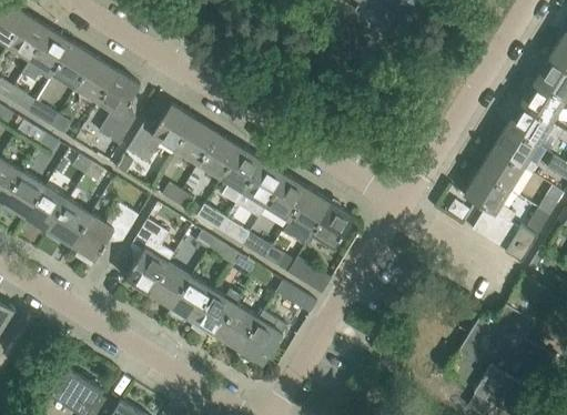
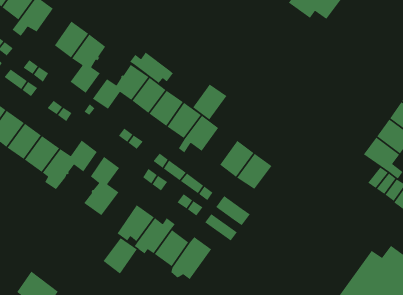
building: [53,42,94,88] -> none
building: none -> [129,52,174,84]
building: [266,174,308,220] -> [192,84,228,121]
building: [149,262,191,307] -> [102,237,138,274]

